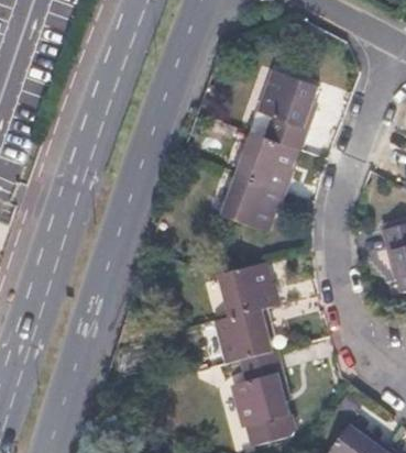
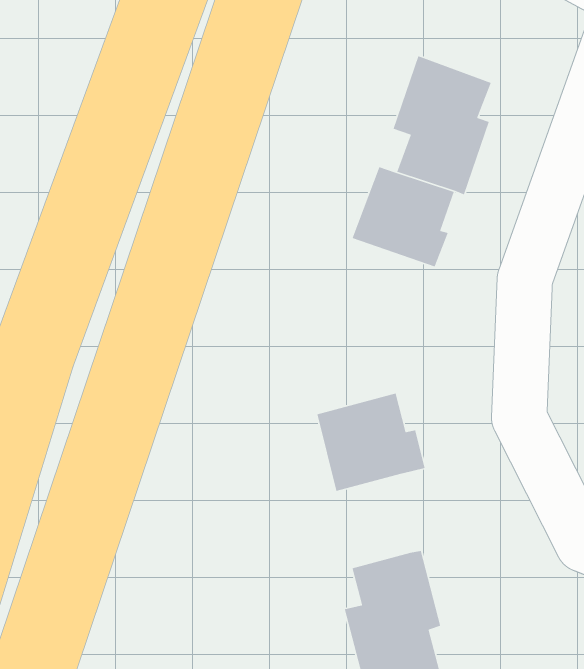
building: [222,175,285,231] -> none
building: [217,308,273,363] -> none

